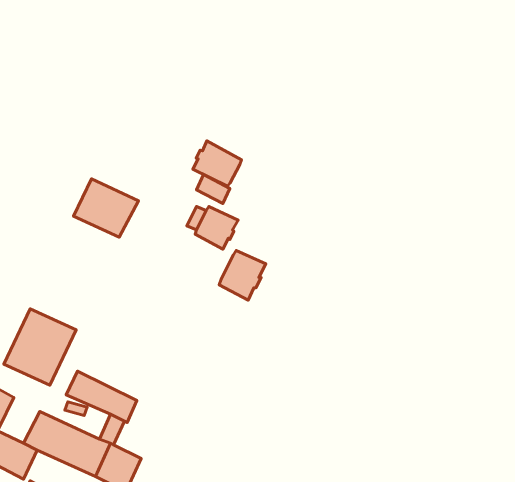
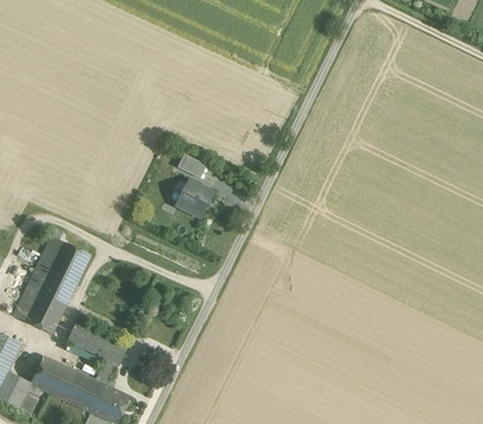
building: [193,141,241,186] -> none
building: [74,179,139,237] -> [36,236,91,285]
building: [219,251,266,300] -> none

